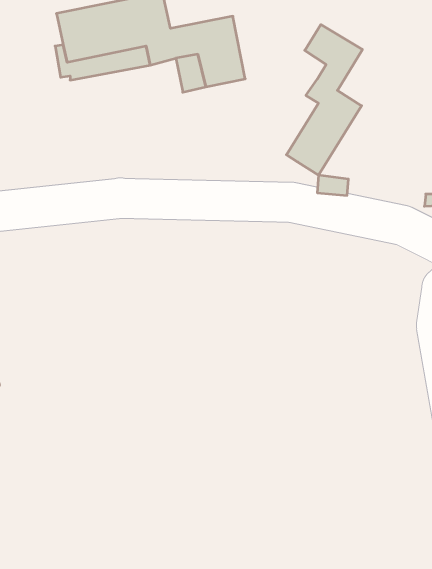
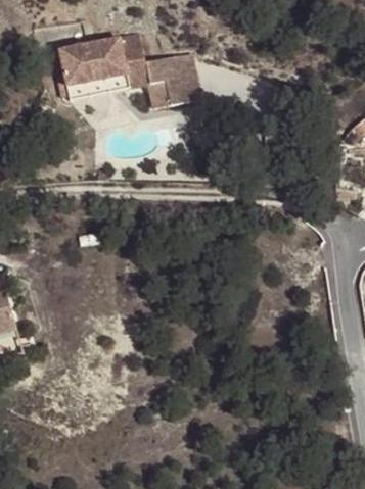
building: [286,25,362,175] -> none

